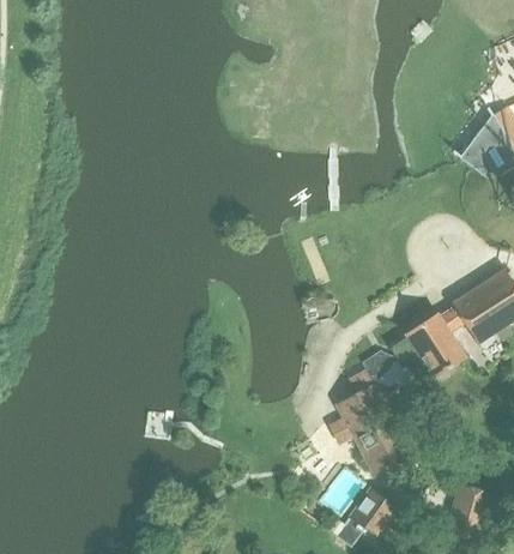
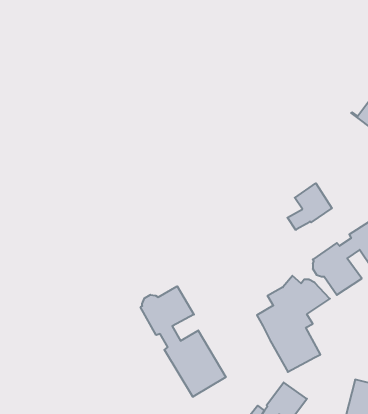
building: none -> [287,183,332,230]
building: none -> [141,286,226,397]

